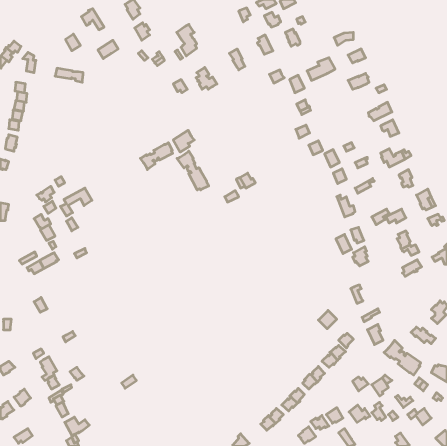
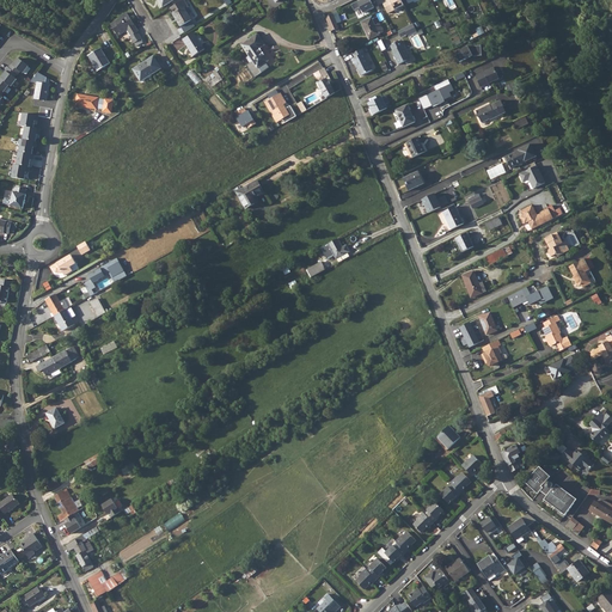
building: [140,143,173,170] -> none
building: [177,151,209,190] -> none

